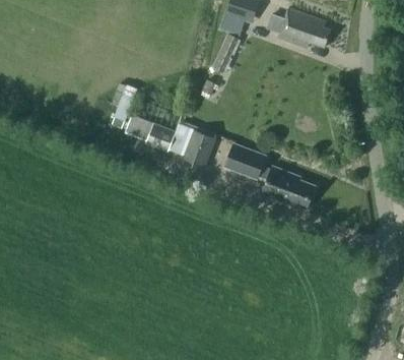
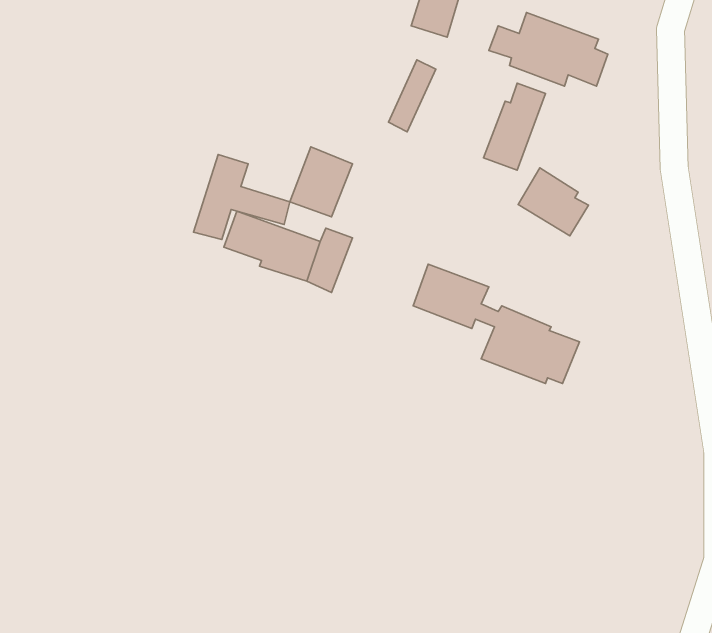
building: none -> [483,83,545,170]
building: none -> [518,168,588,236]
building: [182,129,215,167] -> [290,147,352,217]

